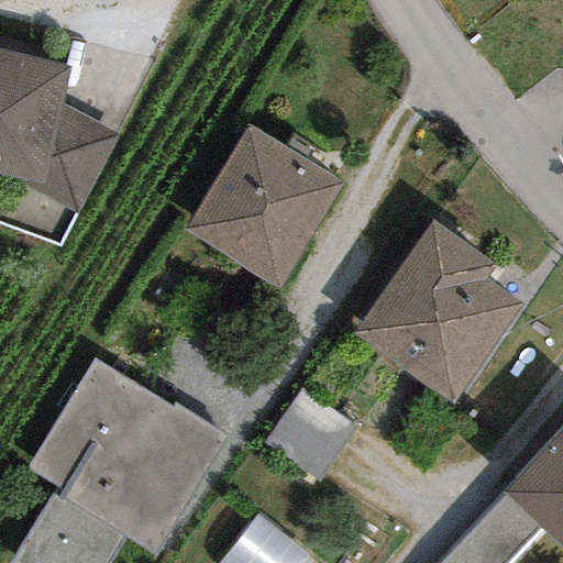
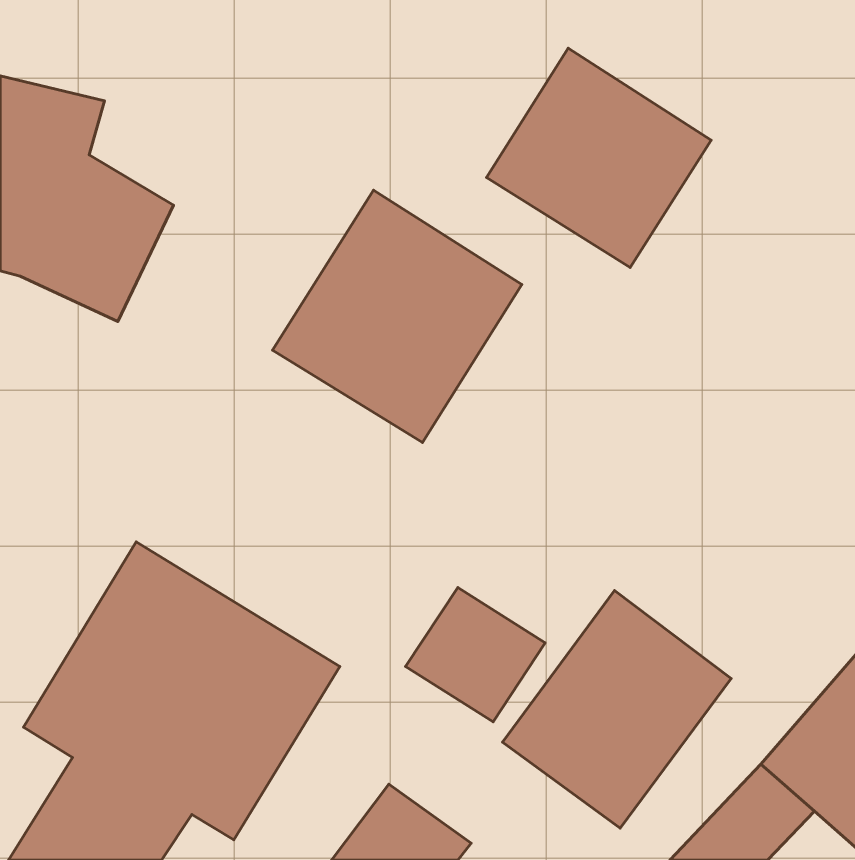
building: none -> [486,48,711,268]
building: [346,219,526,409] -> none
building: none -> [503,590,731,828]

